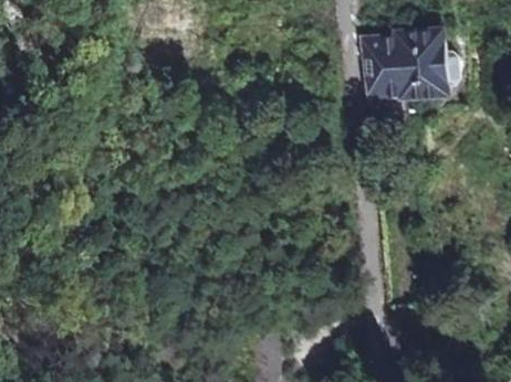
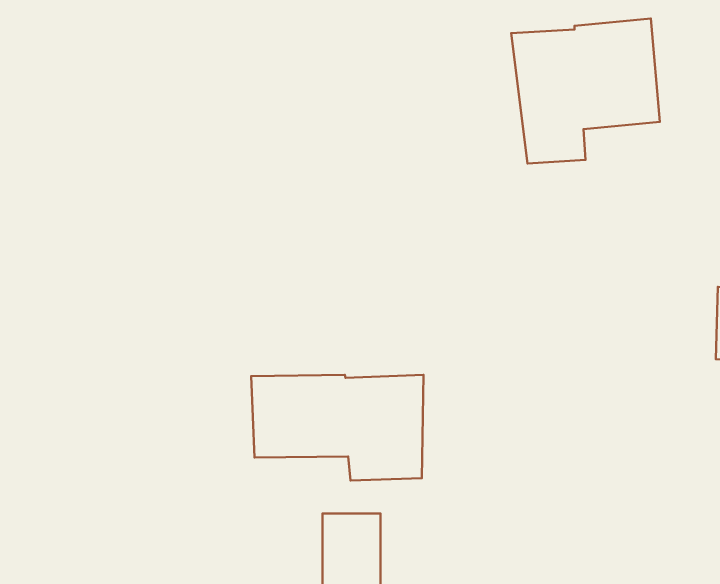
building: none -> [251,375,423,481]

